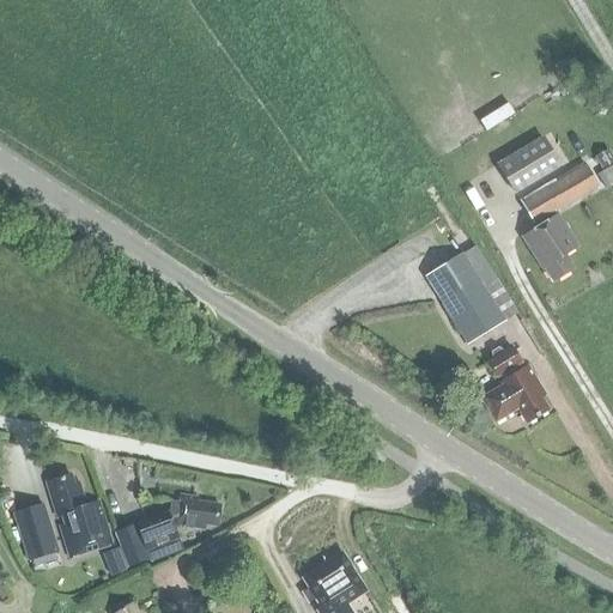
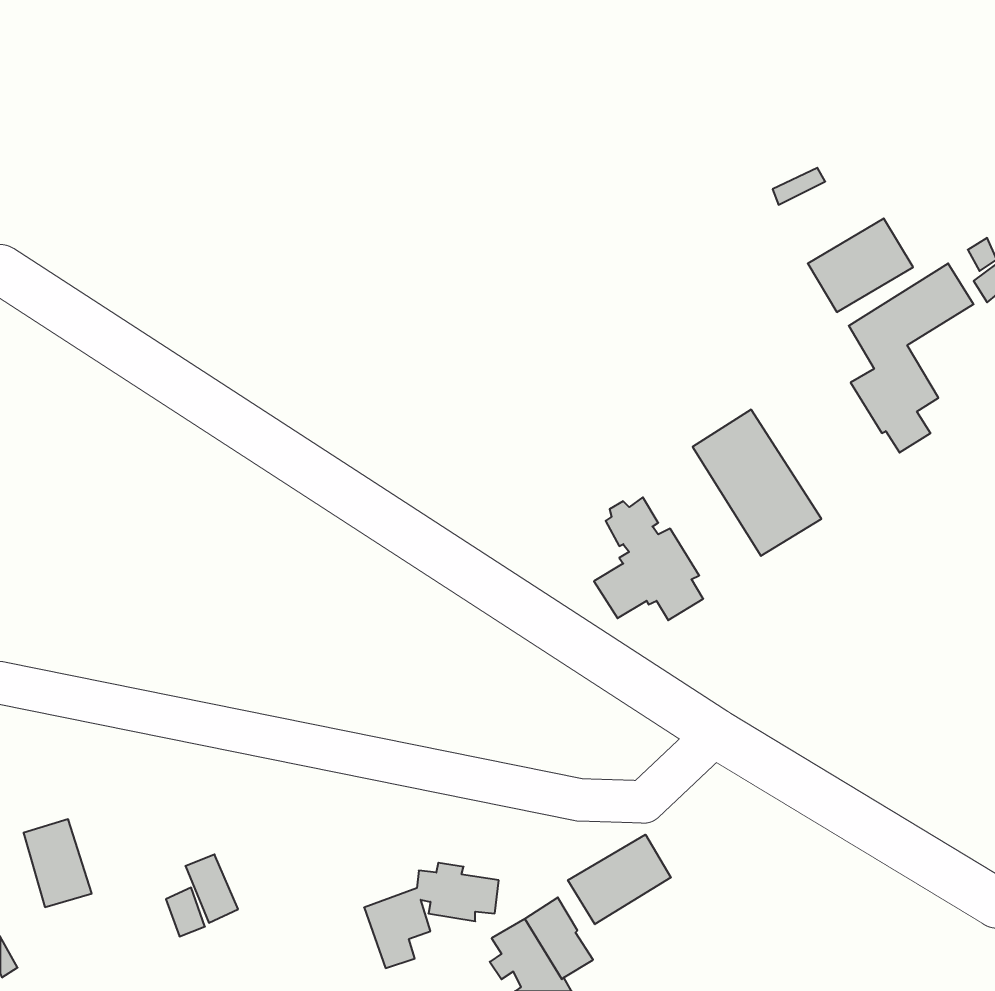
building: [481,345,548,420] -> [594,497,703,620]
building: [47,474,113,558] -> none
building: [139,496,221,560] -> [364,863,499,968]
building: none -> [568,835,671,924]

